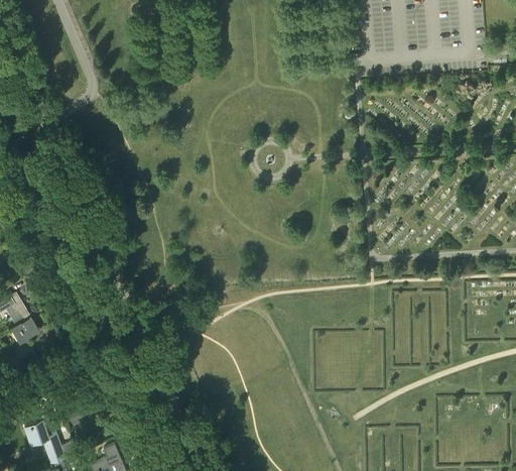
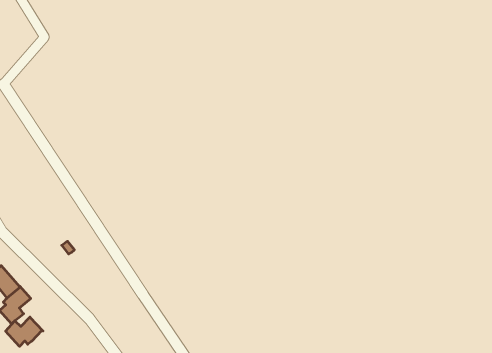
building: none -> [6,317,43,346]

